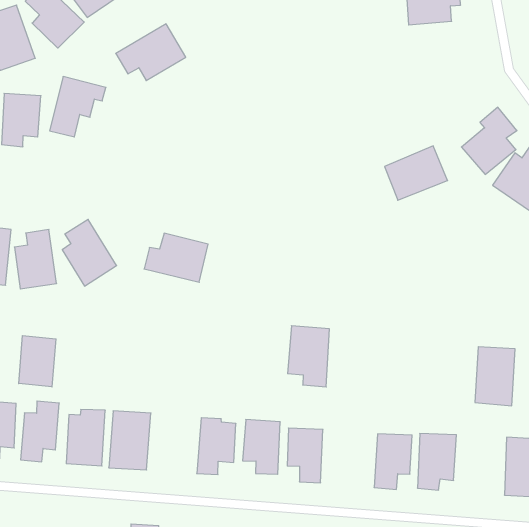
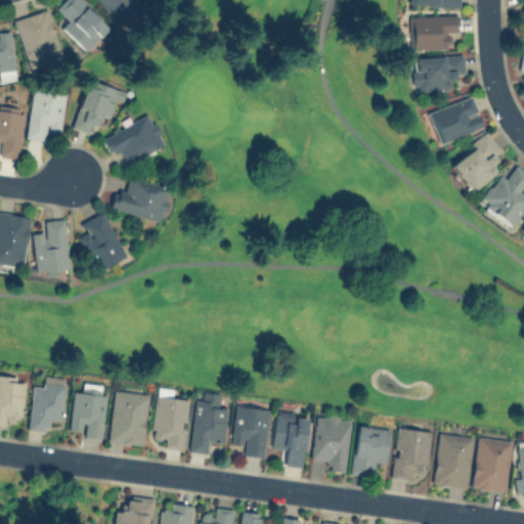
building: [116,24,186,81] -> [103,114,168,165]
building: none -> [418,55,466,92]
building: [385,146,448,200] -> [429,96,486,144]
building: [144,233,208,282] -> [113,177,173,224]
building: [288,326,329,387] -> [312,414,353,473]
building: [19,336,56,387] -> none
building: [475,347,515,406] -> [434,433,474,489]
building: none -> [154,395,190,451]

